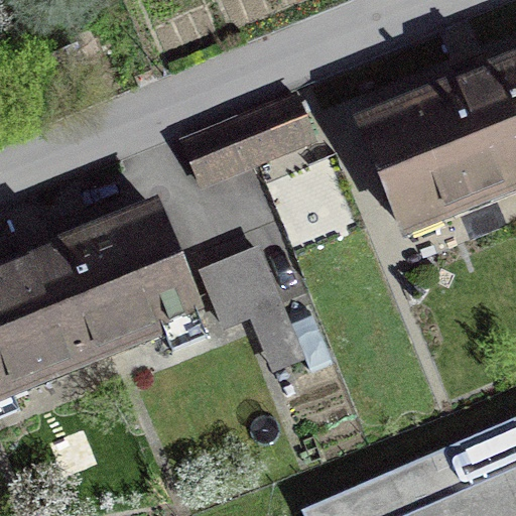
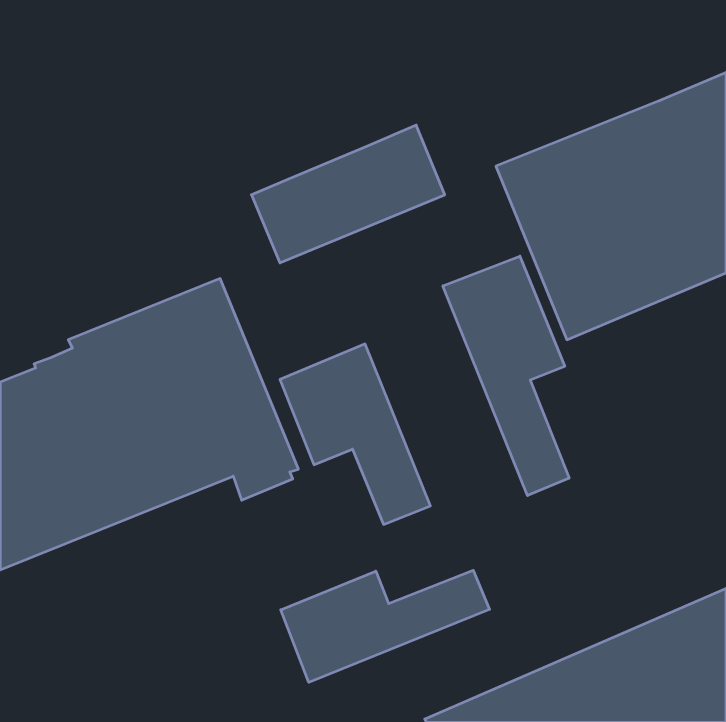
building: none -> [443,256,569,496]
building: none -> [281,570,490,682]

